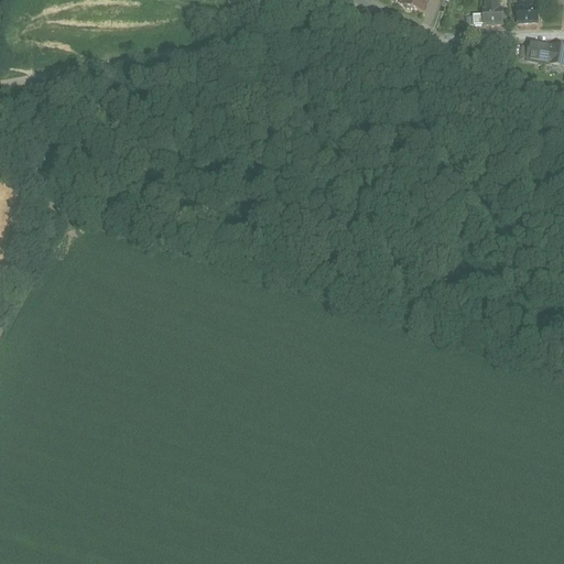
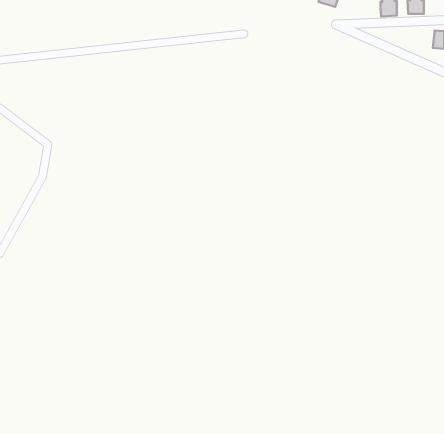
building: [524,37,550,61] -> none

